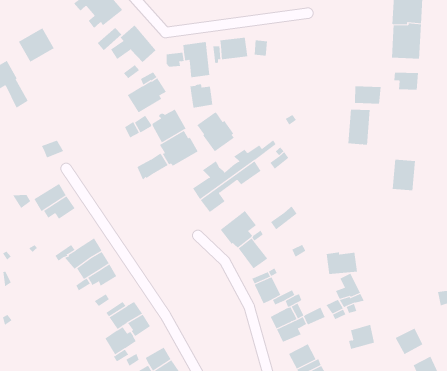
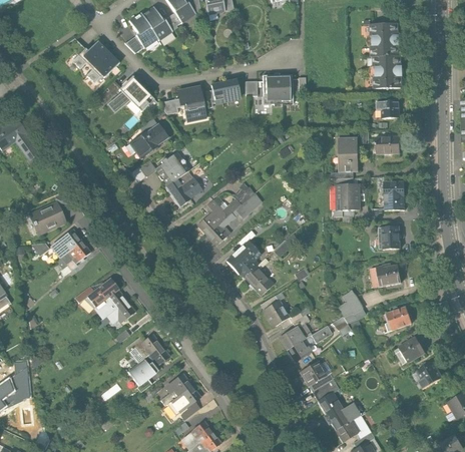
building: [18,27,55,63] -> none
building: none -> [262,73,293,103]
building: [190,84,213,109] -> none
building: [354,86,381,104] -> [375,136,400,153]
building: [197,112,234,152] -> none
building: none -> [29,202,63,234]
building: [137,153,168,180] -> none
building: none -> [336,183,360,209]
building: none -> [379,227,399,249]
building: [326,252,358,275] -> [370,265,401,288]
building: [348,324,375,350] -> [386,307,411,332]

